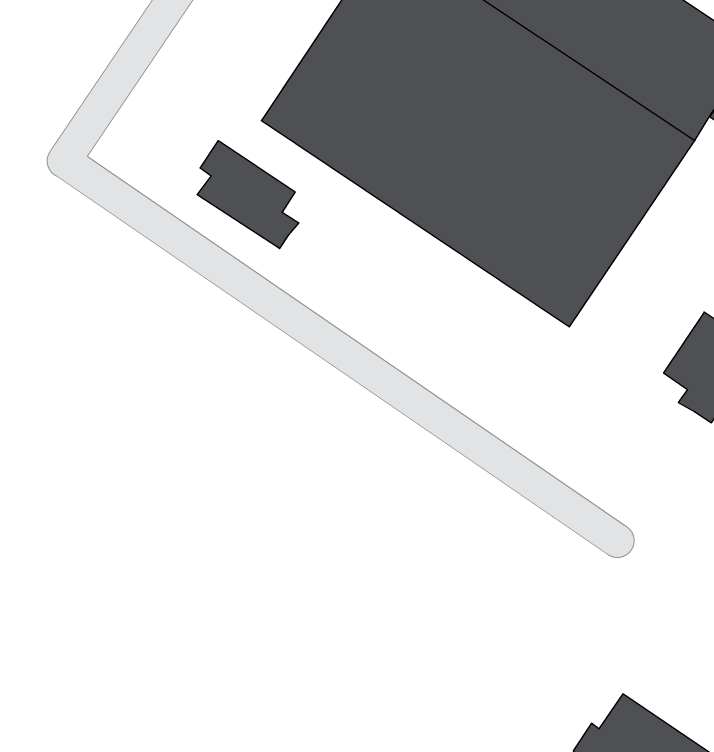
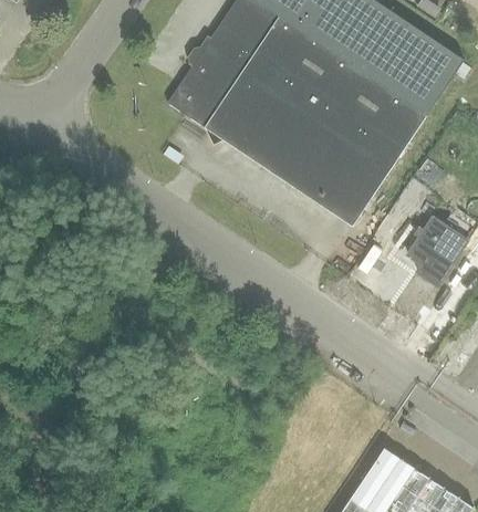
building: [197,141,299,249] -> none

